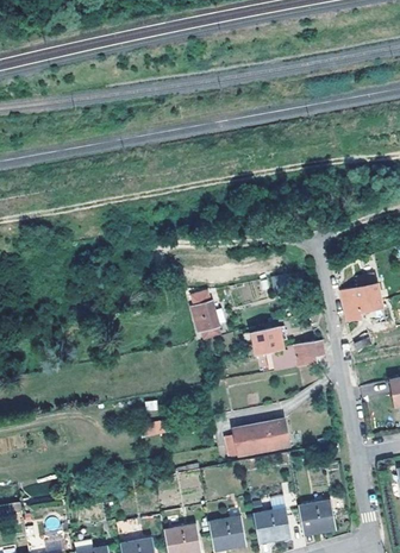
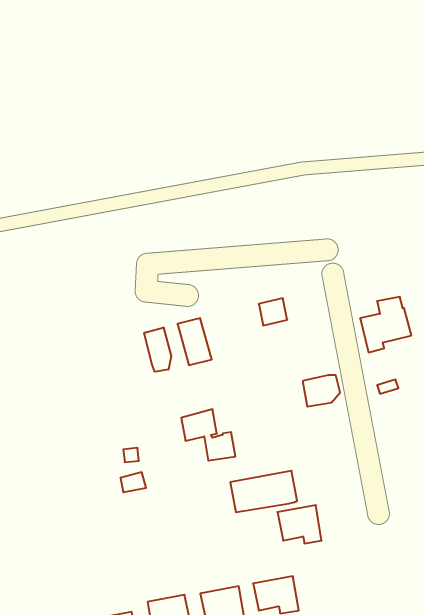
building: none -> [144,327,171,372]
building: [252,327,298,370] -> [181,409,235,461]
building: [298,499,335,532] -> [277,505,322,543]

